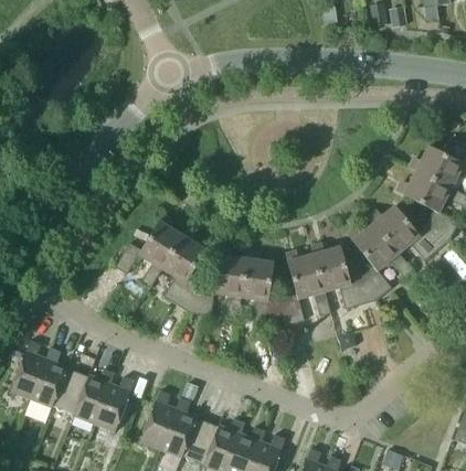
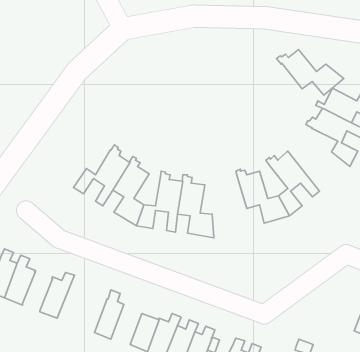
building: [367,205,448,260] -> [276,49,344,95]
building: [282,251,330,327] -> none
building: [52,367,88,415] -> none
building: [94,376,134,432] -> none
building: [159,397,197,458] -> none

